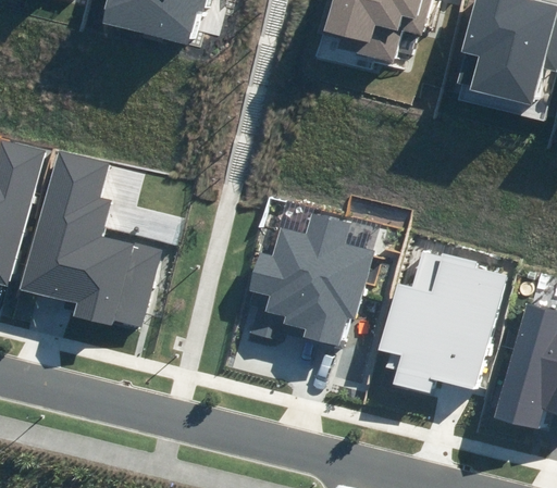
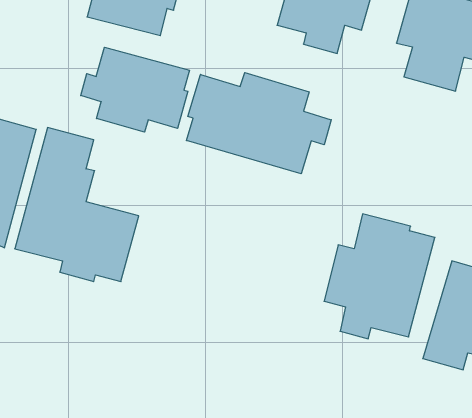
building: none -> [81,47,189,132]
building: none -> [186,73,331,174]
building: [249,214,375,347] -> none

